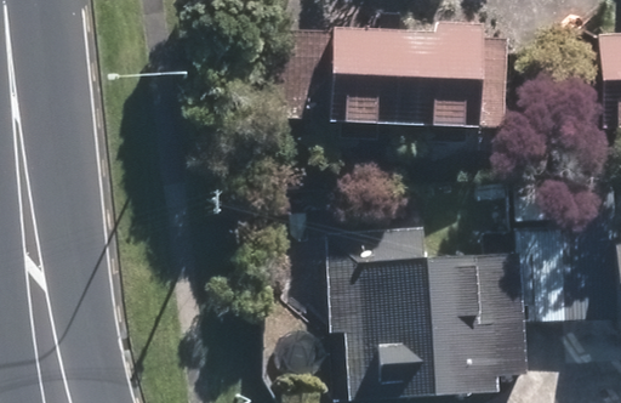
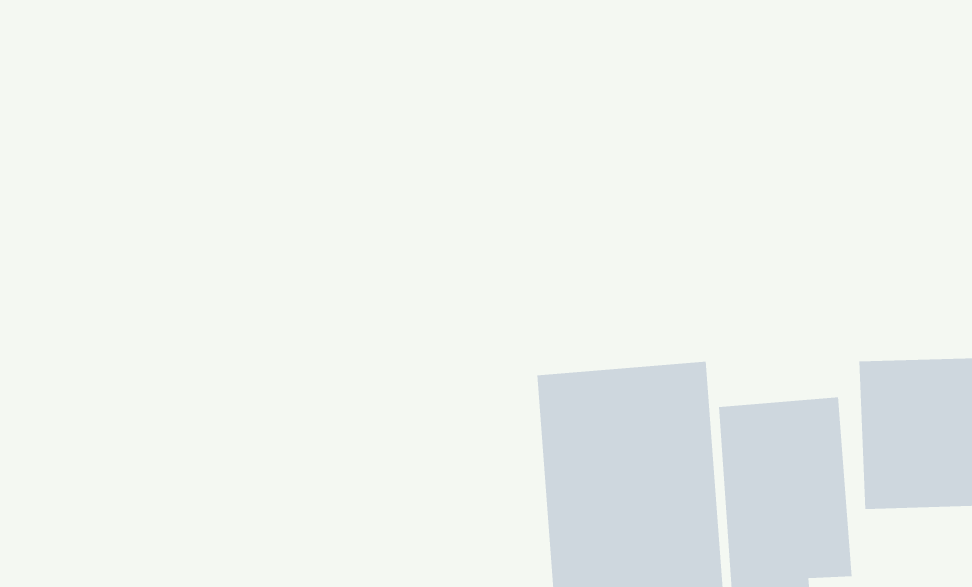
building: [337,35,488,114] -> none

